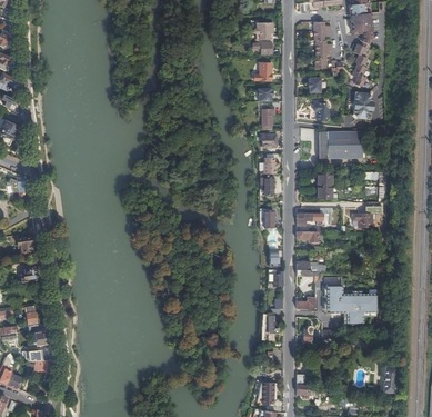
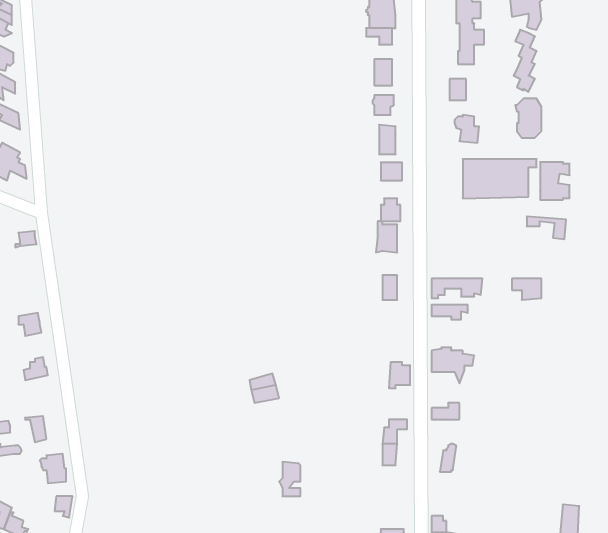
building: [317,172,336,198] -> [540,162,570,200]
building: [326,284,378,325] -> none

